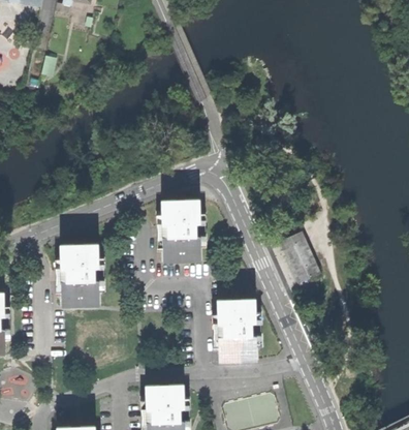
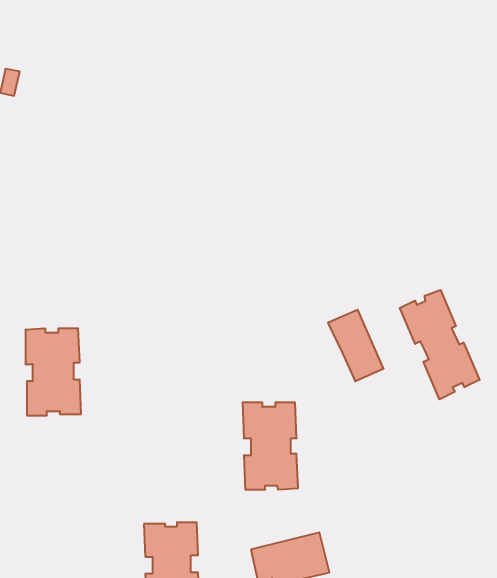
building: [161,199,201,263] -> none
building: none -> [400,290,480,399]

